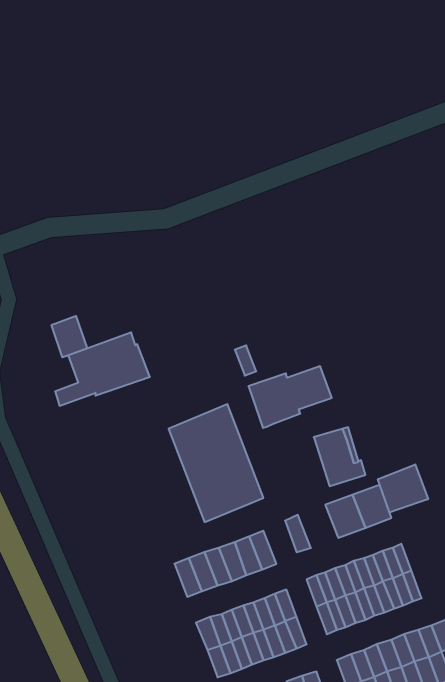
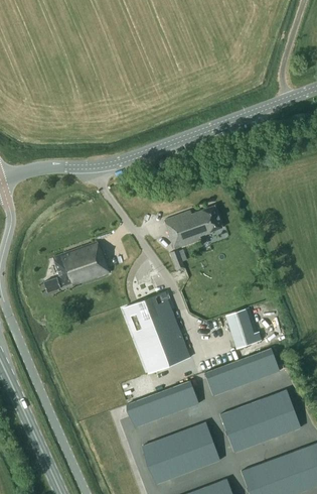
building: [52,316,87,357] -> none
building: [248,366,332,428] -> [164,206,222,249]
building: [378,464,428,512] -> none
building: none -> [213,362,242,392]

